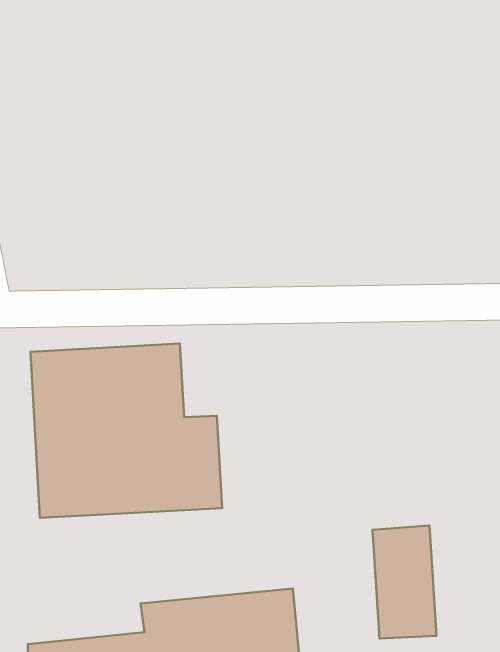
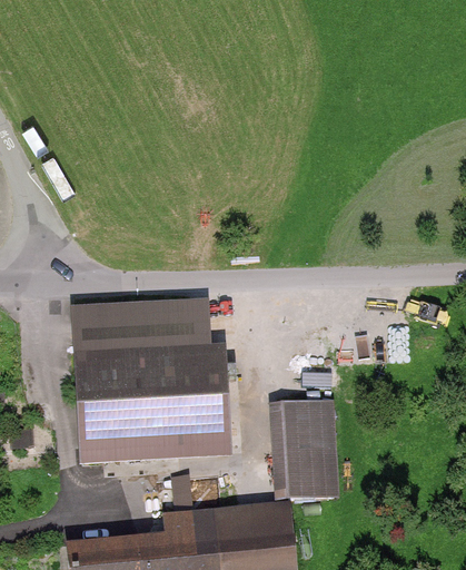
building: [373,526,436,639] -> [282,405,335,498]

